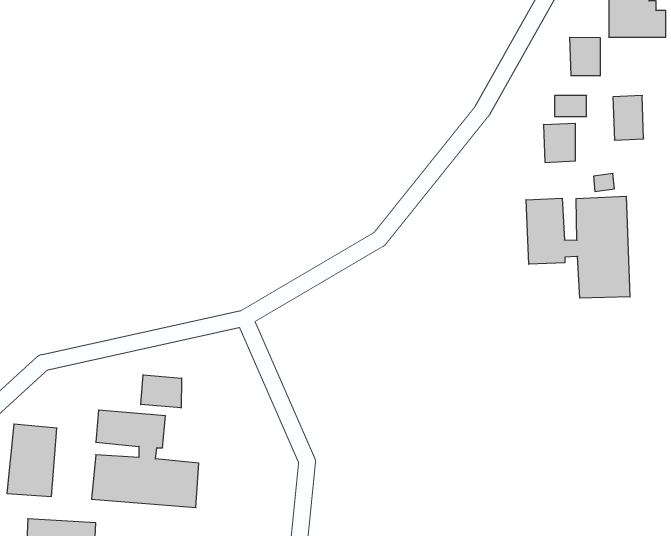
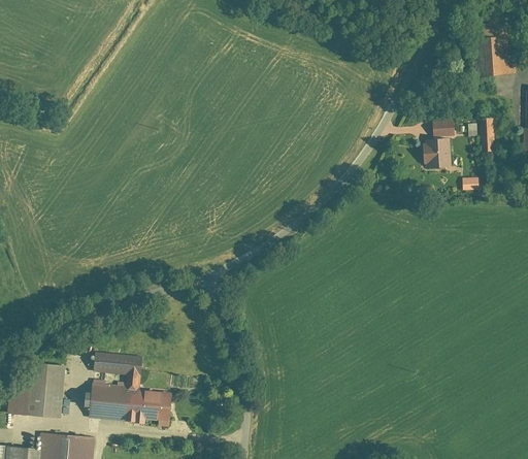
building: [570,37,600,76] -> none
building: [526,196,630,298] -> none
building: [141,375,182,408] -> none

